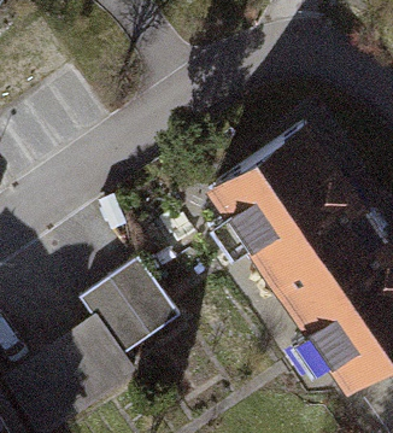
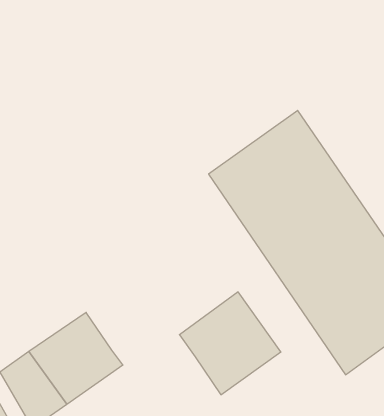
building: [81,262,181,363] -> [179,292,281,395]

